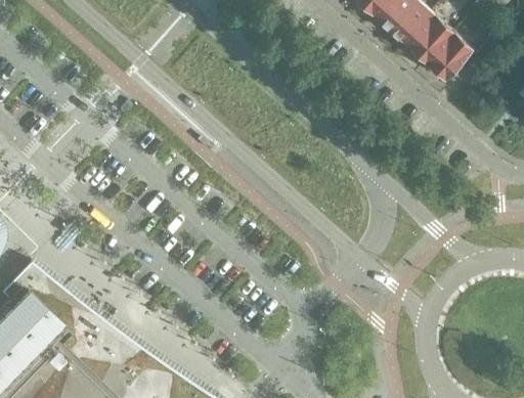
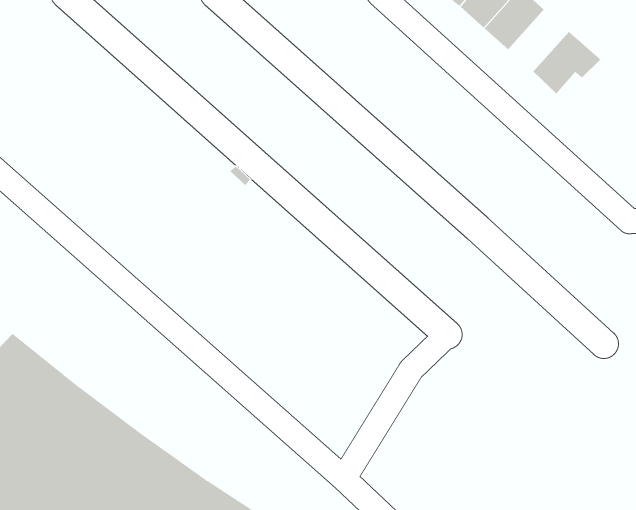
building: [400,12,446,59] -> none

